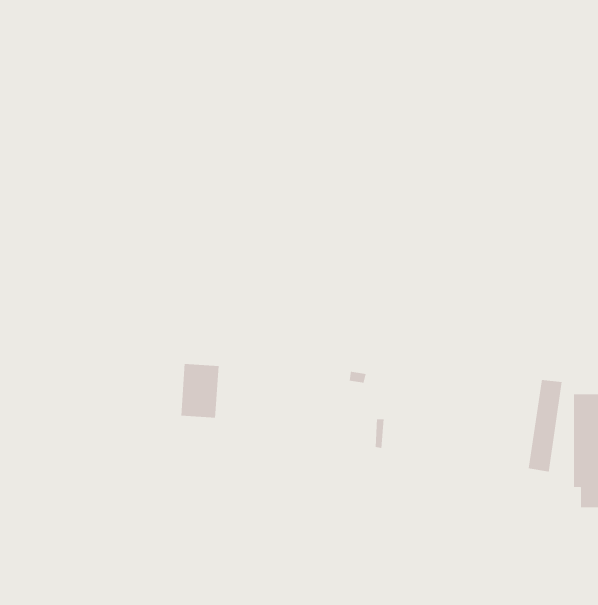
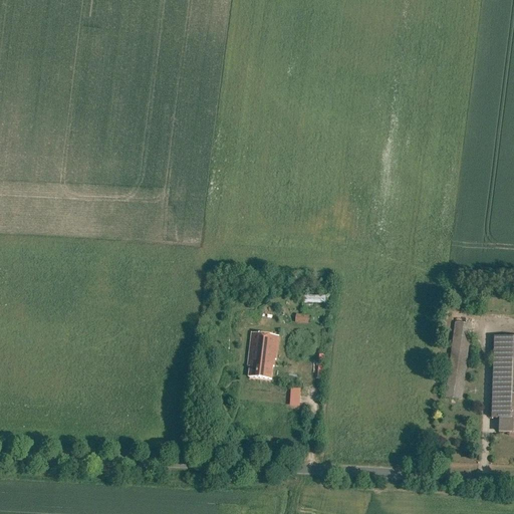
building: [180,364,220,418] -> [245,330,278,376]

